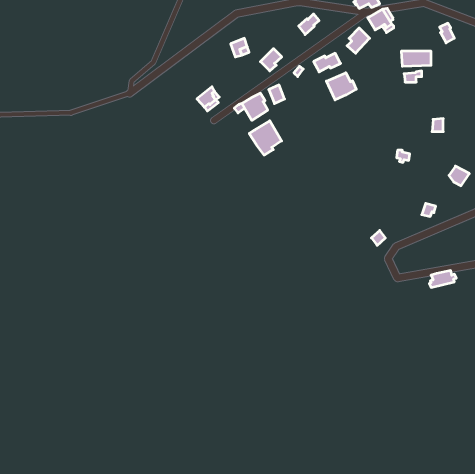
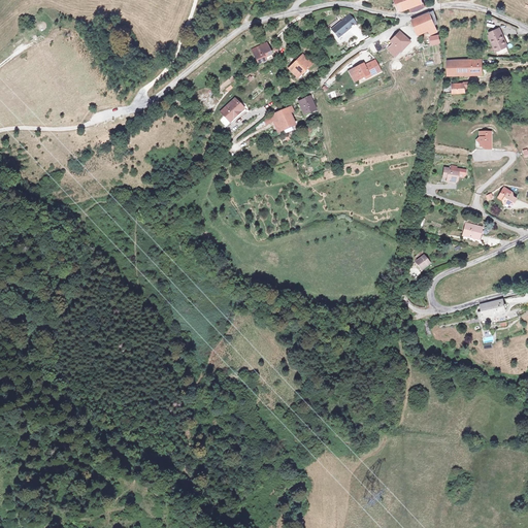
building: [326,73,356,100] -> none
building: [249,121,282,155] -> none

